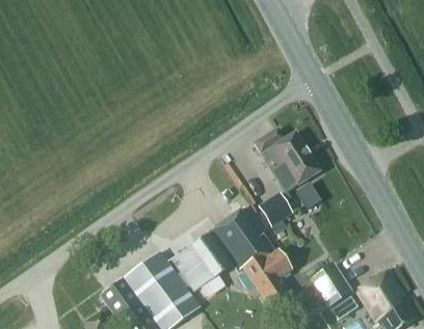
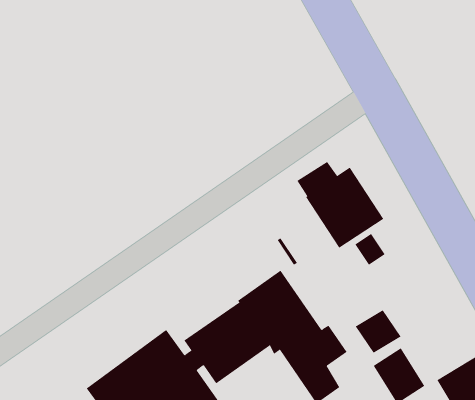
building: [260,192,294,224] -> [355,310,401,353]

